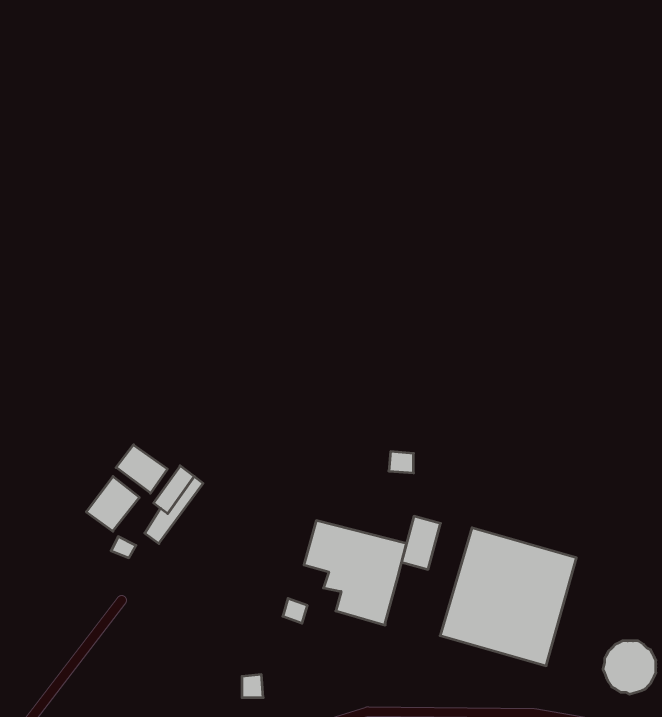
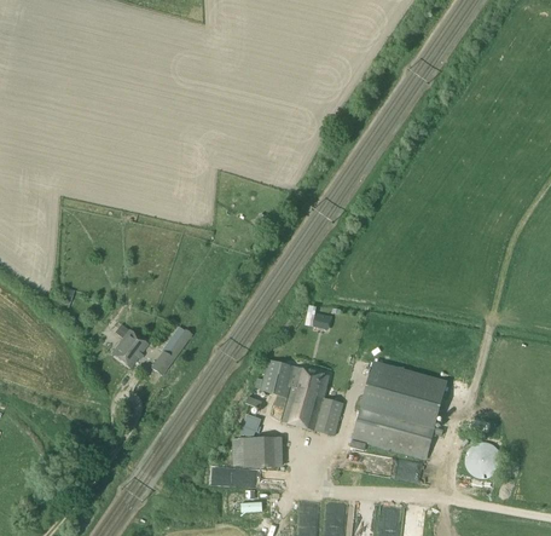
building: [116,445,167,493] -> none
building: [402,516,441,569] -> [315,398,342,434]
building: none -> [240,434,277,468]

